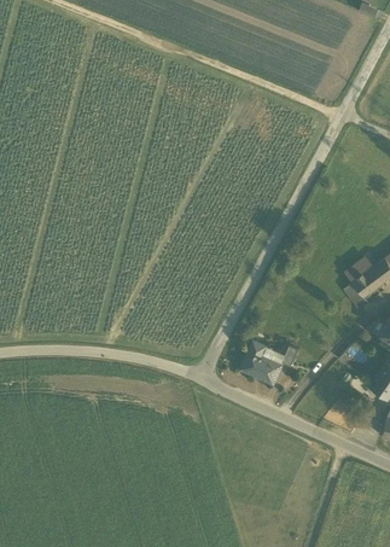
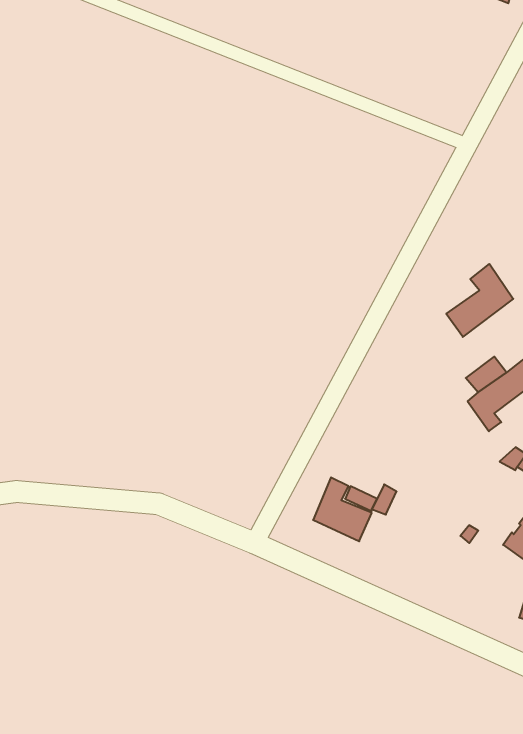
building: none -> [446,264,513,337]

